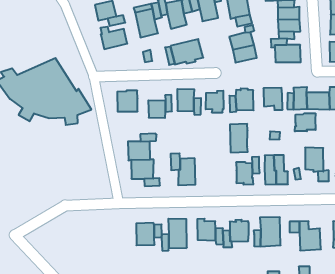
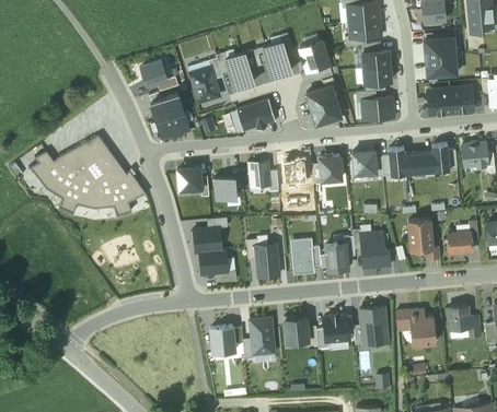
building: none -> [157,111,190,140]
building: [295,113,316,131] -> none
building: [230,124,248,152] -> [291,239,315,275]

